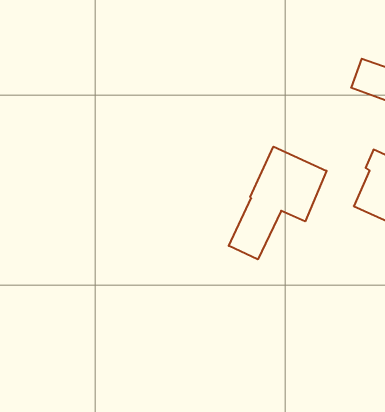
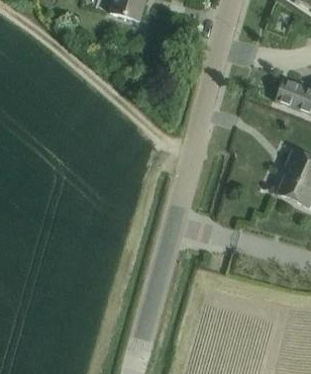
building: [229,147,327,259] -> none

